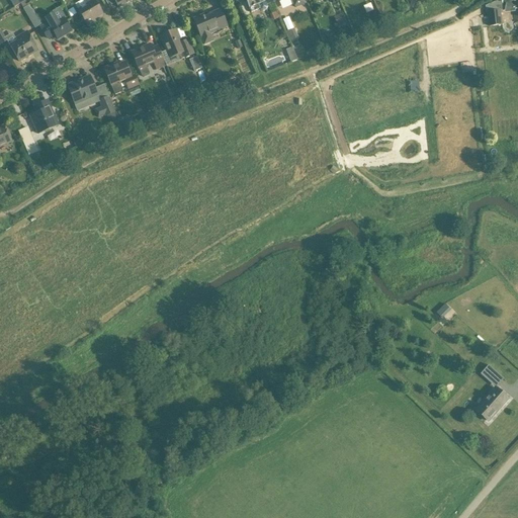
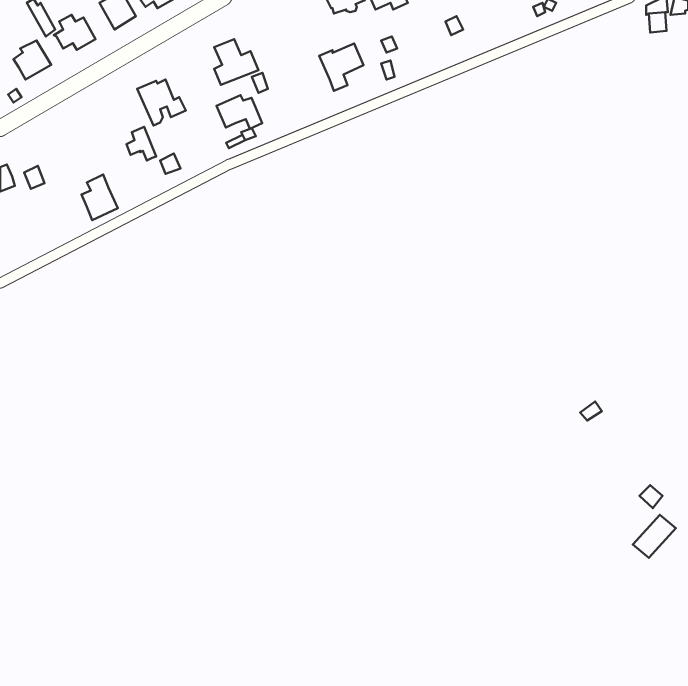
building: [193,8,227,44] -> [319,44,364,91]
building: [132,42,166,68] -> [216,95,262,129]
building: [67,74,97,103] -> none
building: [30,98,58,133] -> [82,174,118,220]

